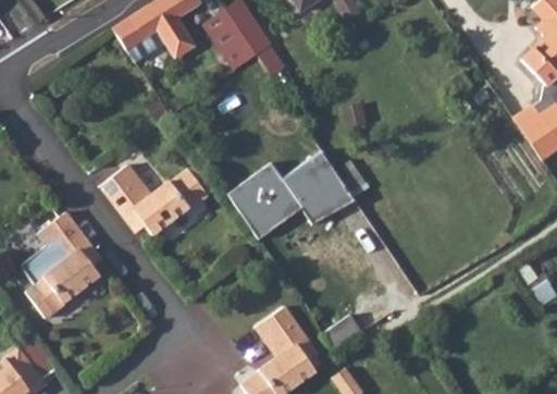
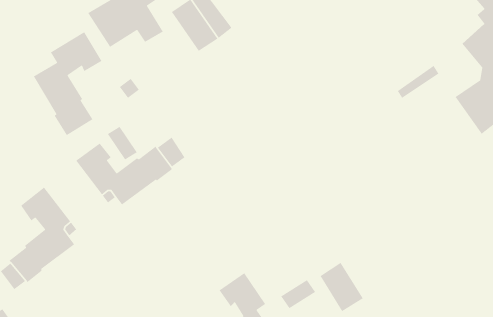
building: none -> [33,31,103,136]
building: [227,155,351,241] -> none
building: none -> [319,262,364,312]

